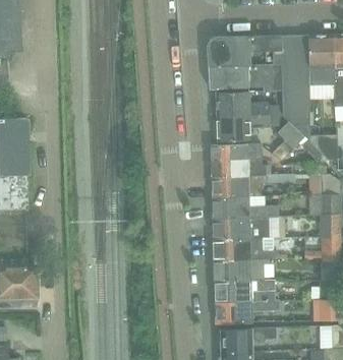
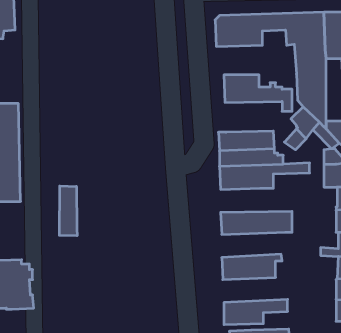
building: [209,64,283,93] -> none
building: [217,117,270,141] -> none
building: none -> [59,186,77,236]
building: [213,197,279,220] -> none
building: [214,238,276,261] -> none
building: [215,280,275,303] -> none

